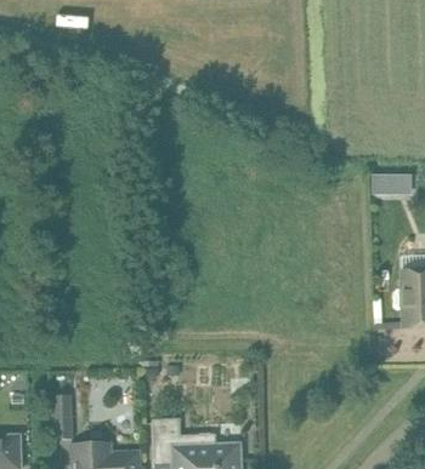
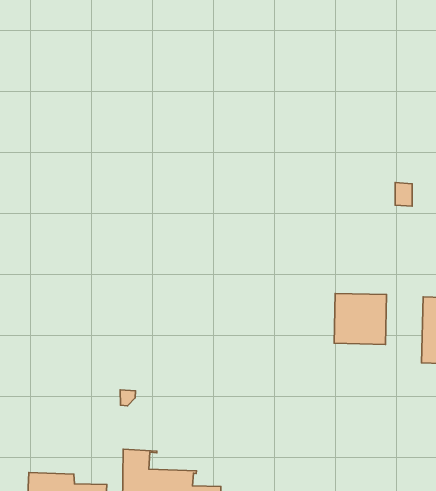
building: none -> [334,293,387,344]
building: [52,394,73,439] -> none

